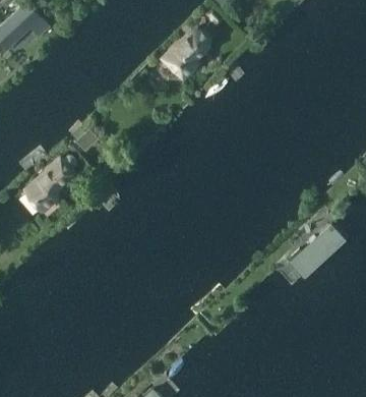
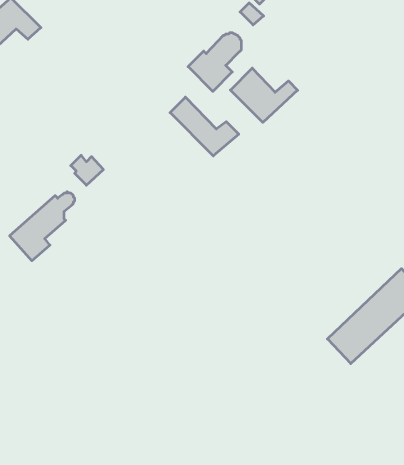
building: none -> [230,68,298,122]
building: none -> [170,97,239,156]

